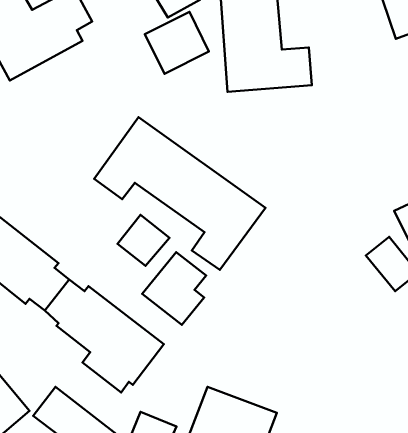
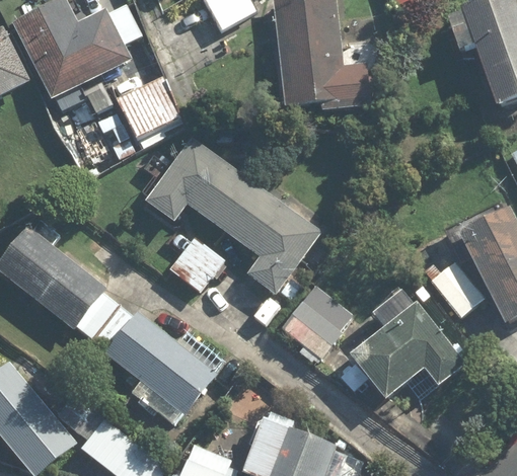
building: [145,12,209,74] -> [118,76,184,141]
building: none -> [64,82,136,164]
building: [142,252,206,325] -> [277,285,344,361]
building: none -> [351,304,466,400]

